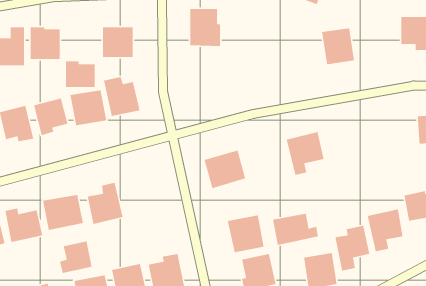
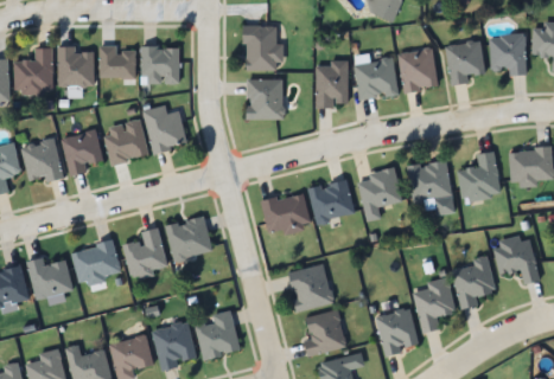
building: none -> [446,40,485,84]
building: none -> [356,59,397,98]
building: none -> [316,60,348,107]
building: none -> [247,78,284,118]
building: [65,60,96,88] -> [101,45,136,77]
building: none -> [459,150,499,200]
building: none -> [409,160,453,214]
building: none -> [308,179,355,223]
building: none -> [165,216,212,262]
building: [272,213,319,246] -> none
building: [59,240,93,274] -> none

